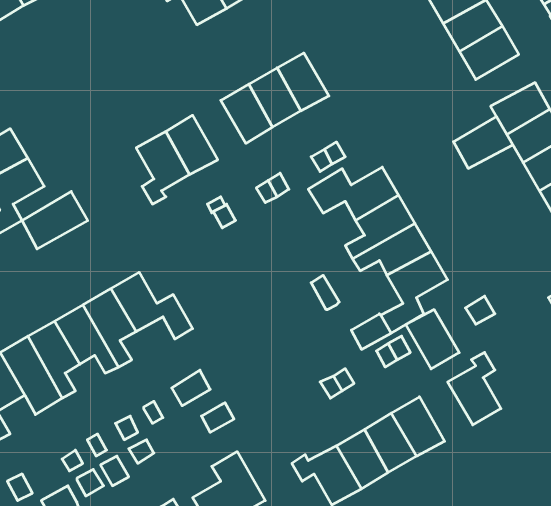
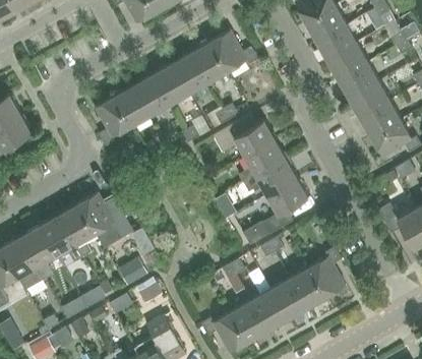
building: none -> [209,31,257,72]
building: none -> [133,75,170,116]
building: [453,117,513,168] -> [327,44,368,79]
building: [22,191,88,249] -> none
building: [406,310,459,369] -> [289,268,325,309]

